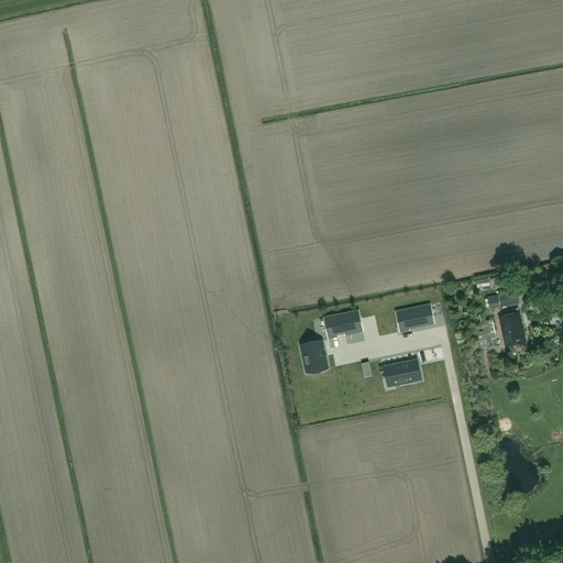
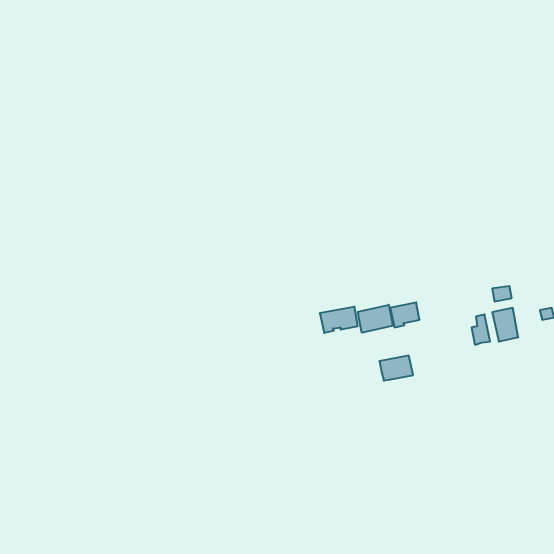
building: none -> [358,305,393,333]
building: [301,341,328,373] -> none

